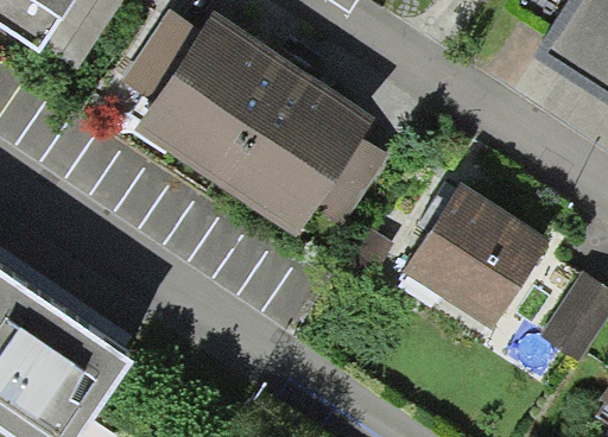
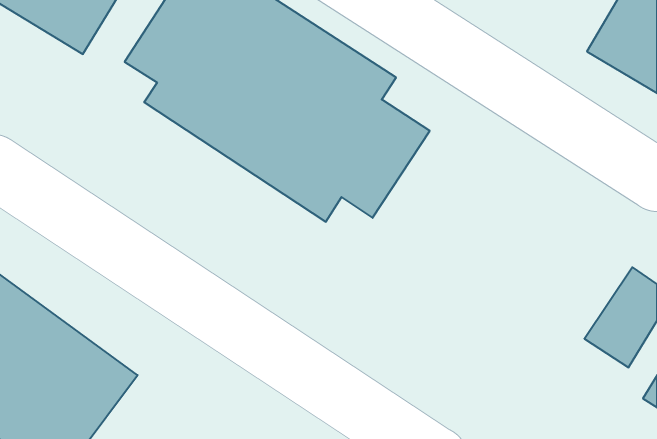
building: [400,176,544,317] -> none

